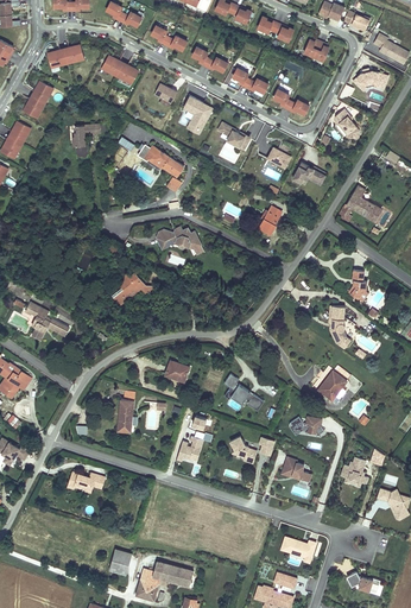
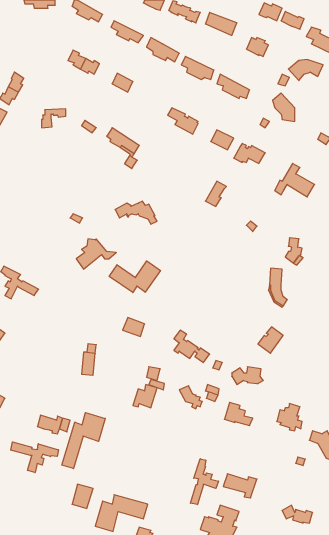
building: [45,44,83,69] -> none
building: [181,95,213,135] -> none
building: none -> [109,261,160,293]
building: none -> [62,413,105,469]
building: none -> [11,442,58,473]
building: none -> [190,459,218,505]

